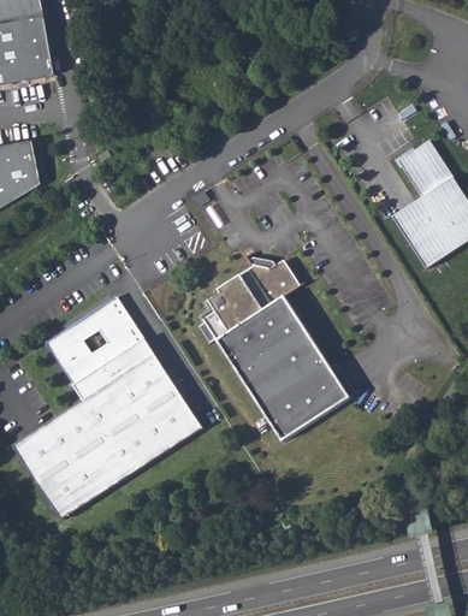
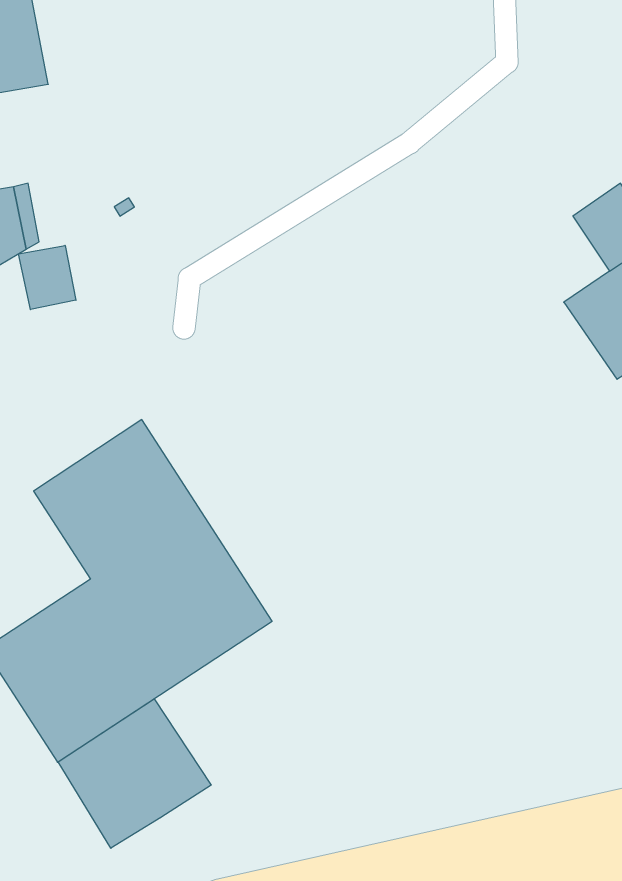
building: none -> [19,245,76,310]
building: [203,261,350,440] -> none
building: none -> [58,699,211,848]

